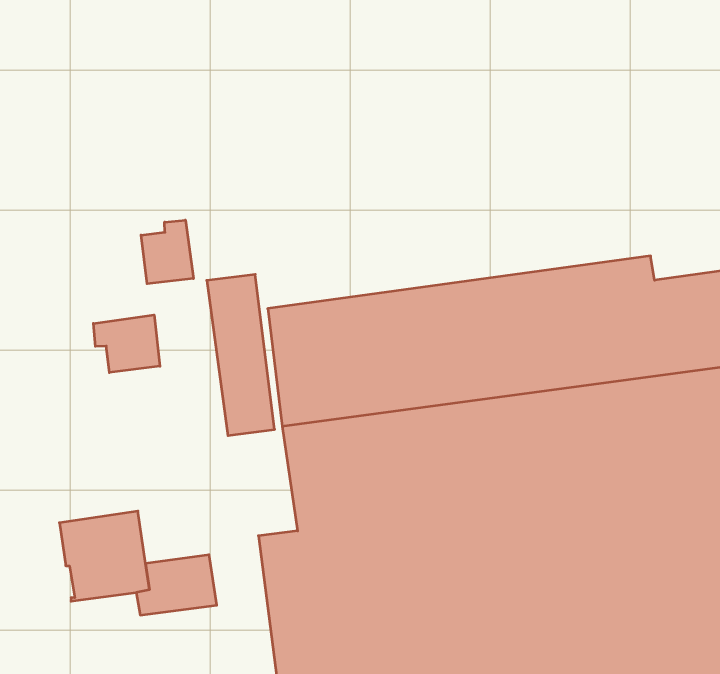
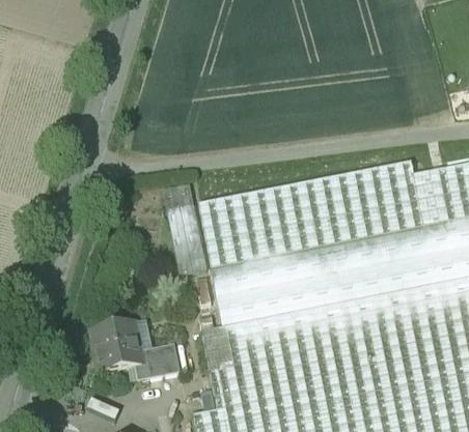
building: [141,220,193,284] -> none
building: [93,315,160,373] -> none

